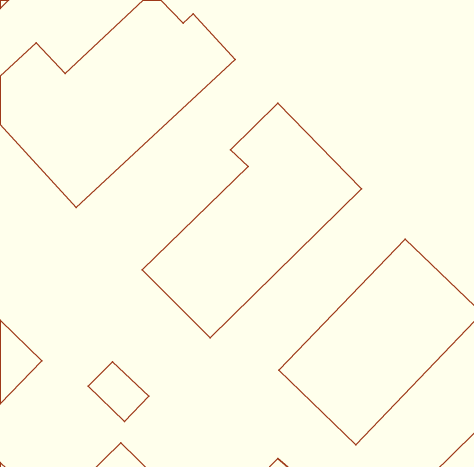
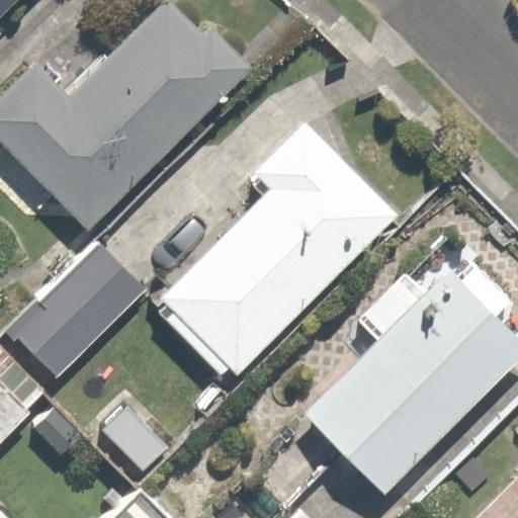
building: none -> [15,245,143,378]

